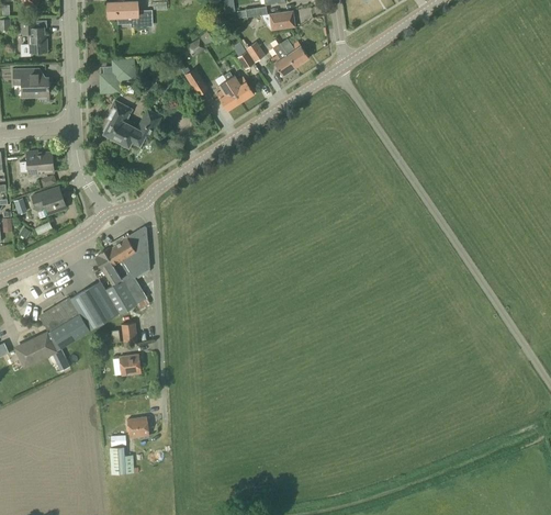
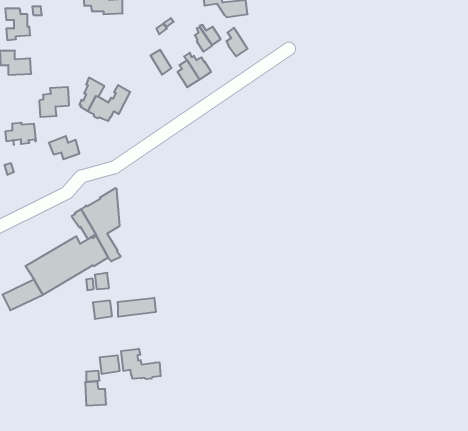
building: [281,34,310,67] -> none
building: [100,59,134,93] -> [39,87,69,117]
building: [31,189,66,215] -> [49,136,80,159]
building: none -> [118,298,156,317]
building: none -> [121,349,161,379]

